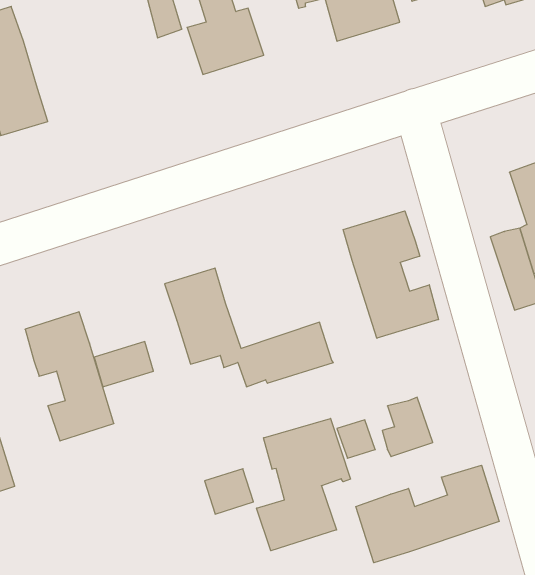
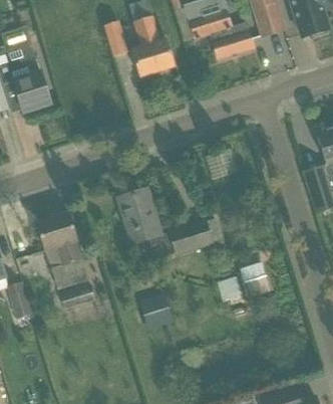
building: [343,211,438,338] -> none
building: [94,342,153,387] -> [61,282,95,309]
building: [257,418,350,551] -> none
building: [356,465,499,563] -> none

